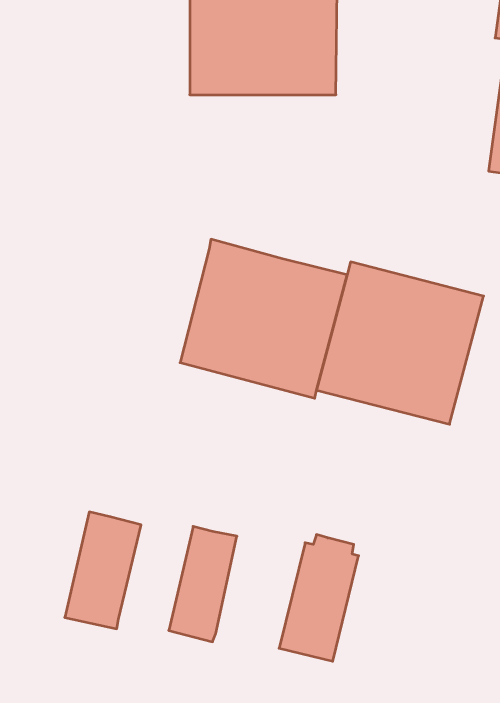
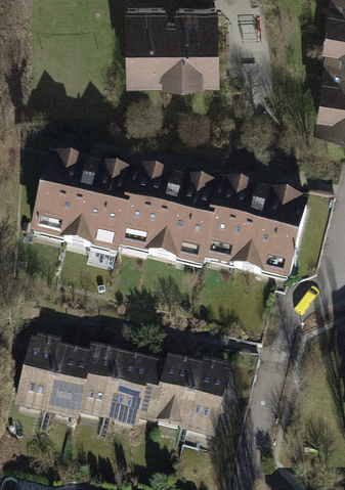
building: none -> [29,151,138,252]
building: none -> [15,326,64,407]
building: none -> [81,343,128,415]
building: none -> [142,353,199,427]

